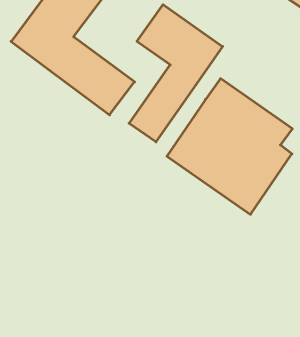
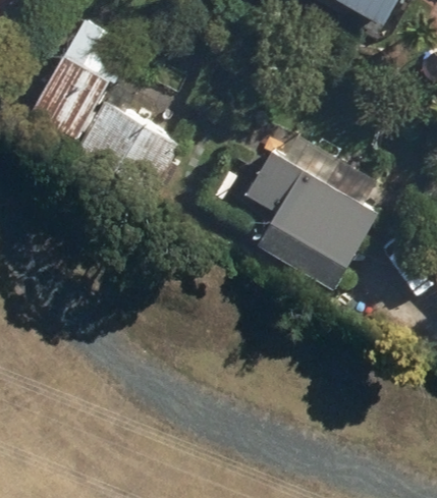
building: [129,5,223,142] -> none

